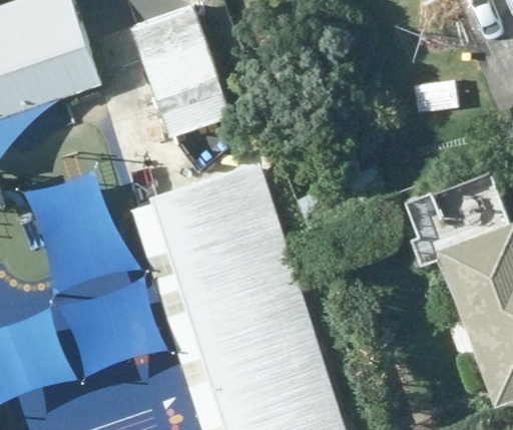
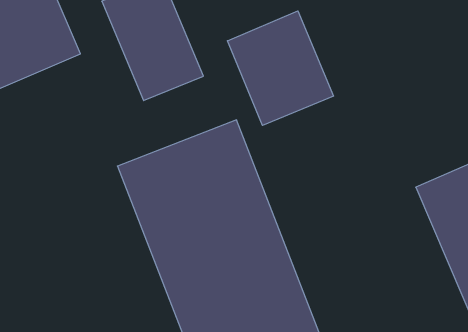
building: none -> [227,11,334,125]

